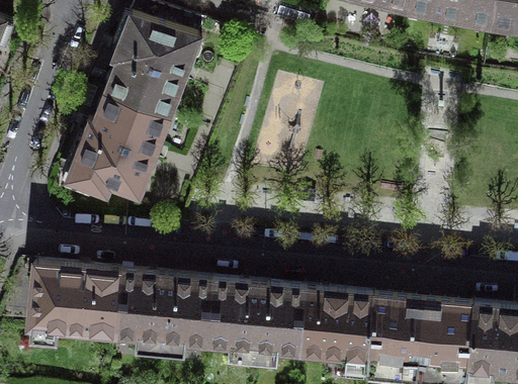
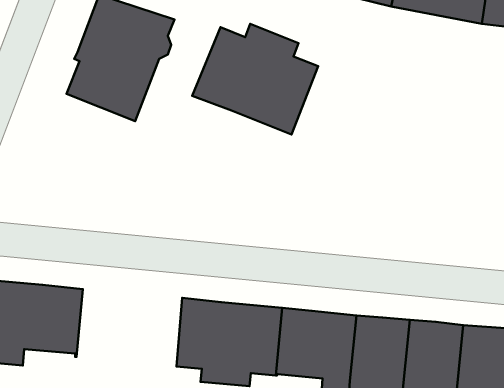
building: none -> [192,24,318,134]
building: [66,90,168,192] -> none
building: [113,271,211,353] -> none

